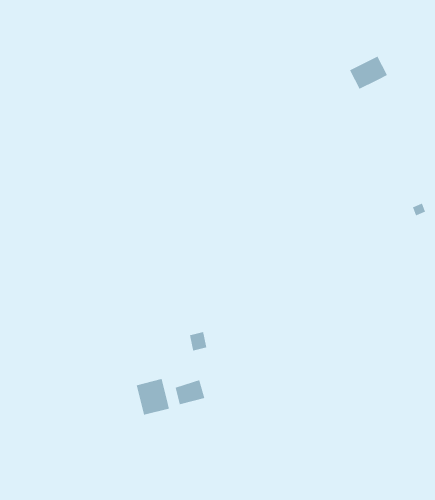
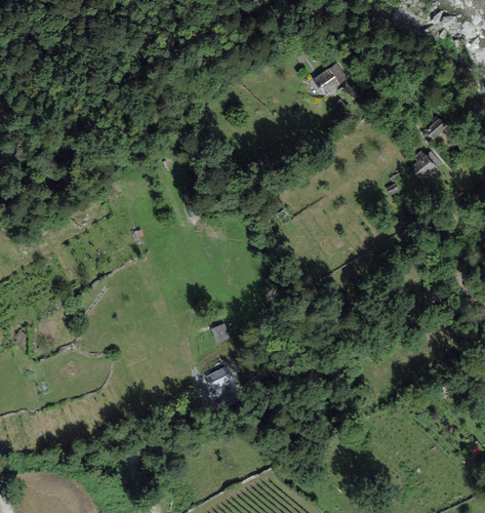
building: [136,378,170,416] -> none

